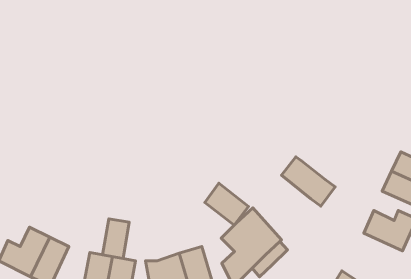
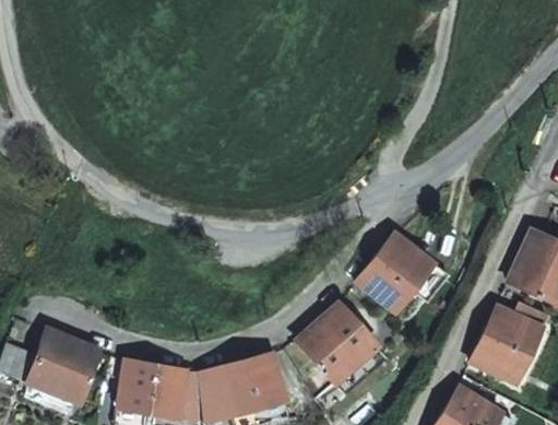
building: [205,183,248,225] -> [358,258,415,312]
building: [103,219,129,259] -> none
building: none -> [472,333,534,382]

